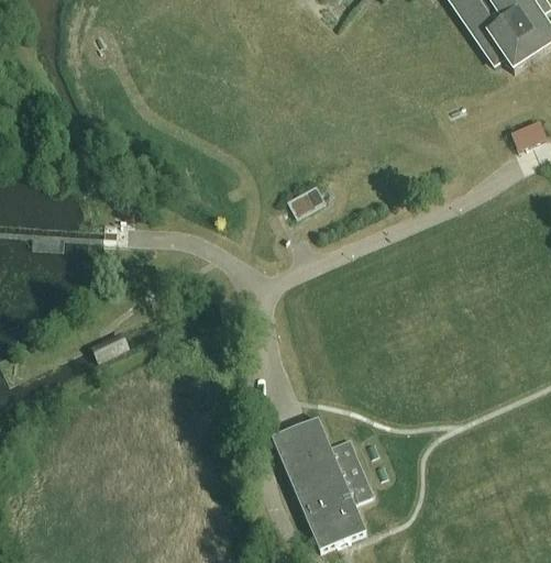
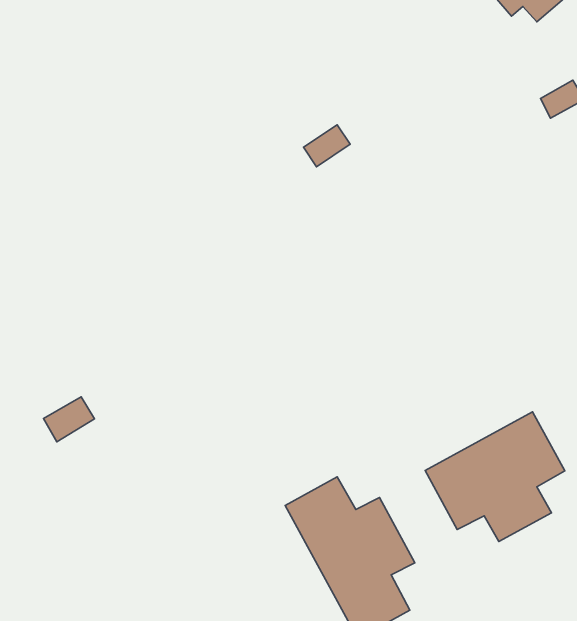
building: [286,185,323,217] -> [304,125,350,167]
building: none -> [425,412,565,542]

